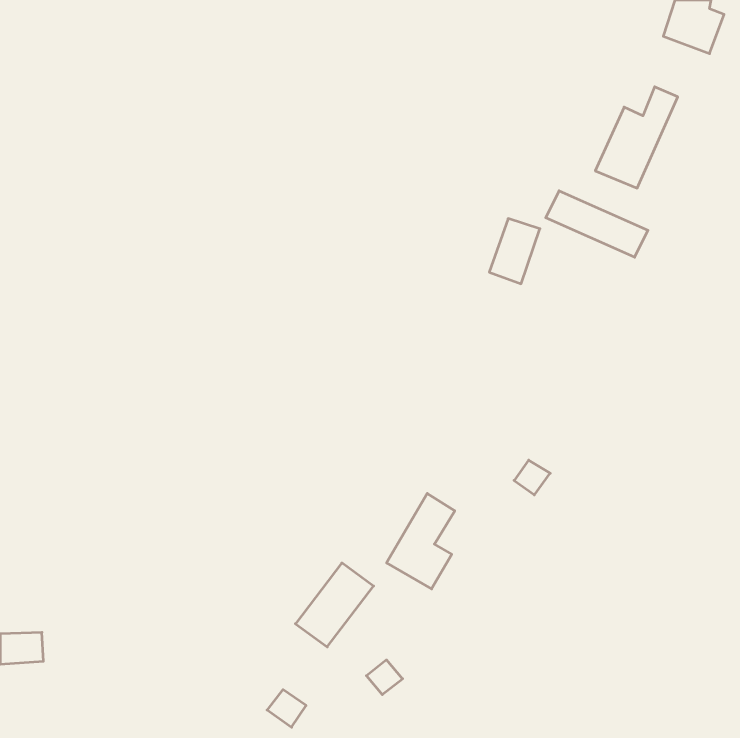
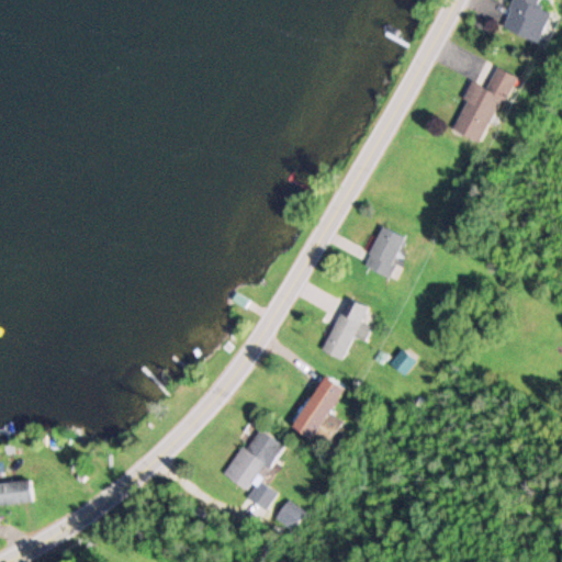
building: [546,191,648,257] -> none
building: [489,219,540,284] -> [366,227,404,277]
building: none -> [323,297,372,360]
building: [267,690,306,727] -> [248,482,278,510]

